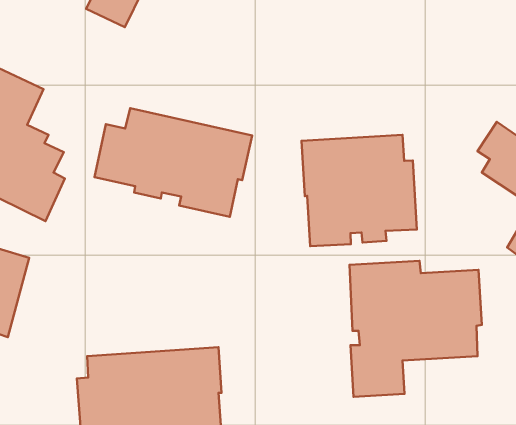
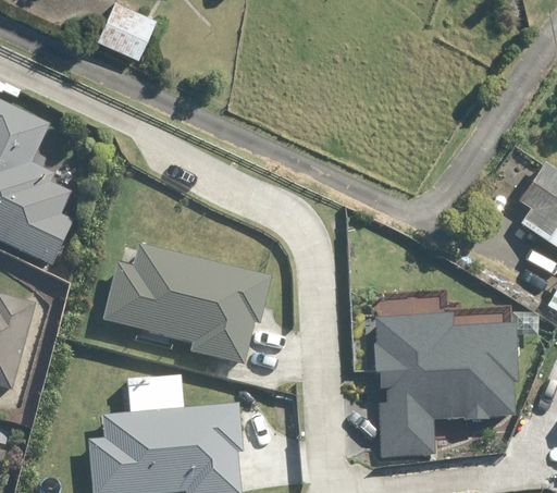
building: [95,108,252,217] -> [98,245,267,361]
building: [302,135,417,246] -> none

